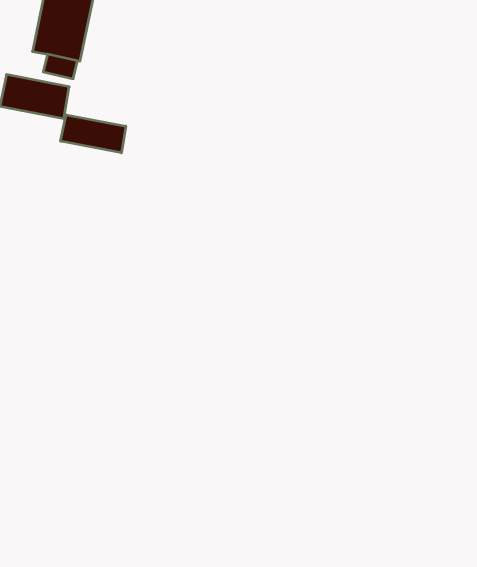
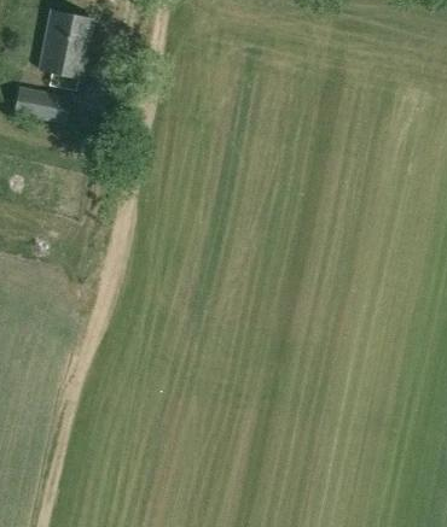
building: [61,115,126,153] -> none

